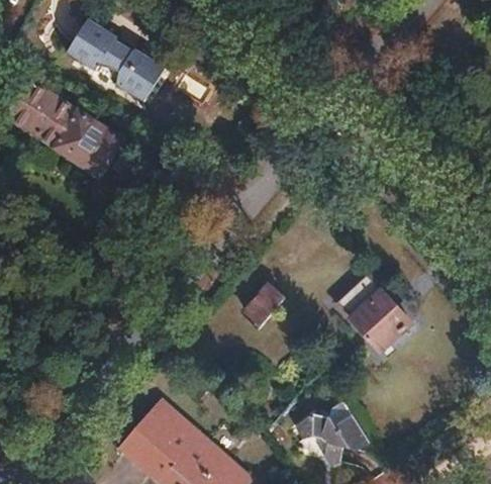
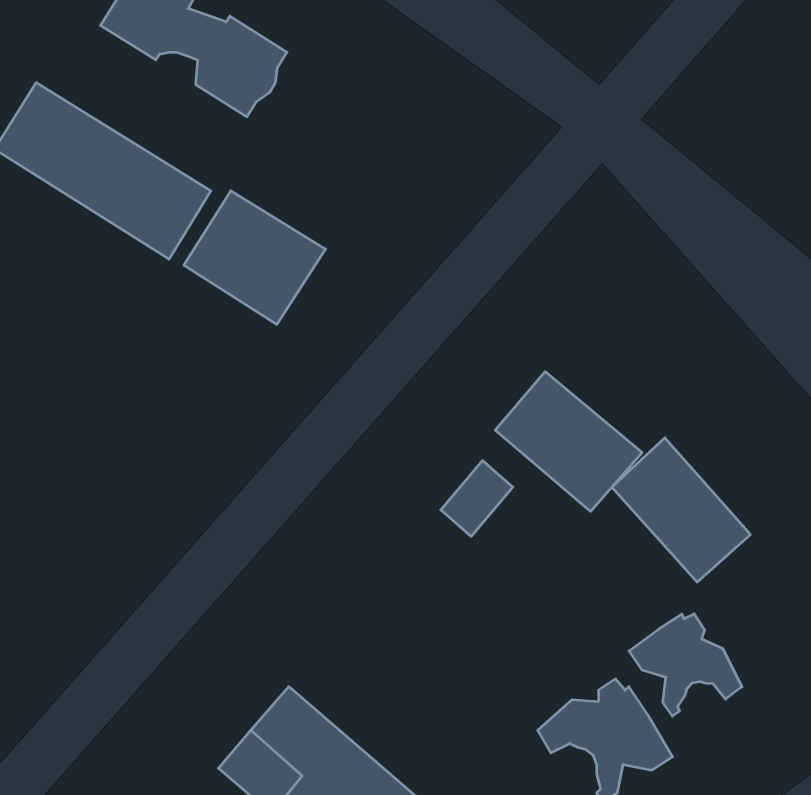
building: none -> [184,191,326,324]
building: none -> [495,372,642,511]
building: none -> [629,614,742,716]

